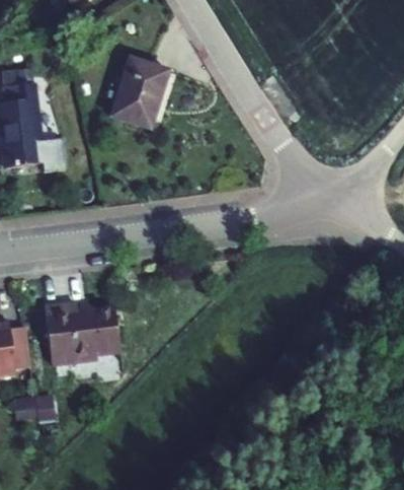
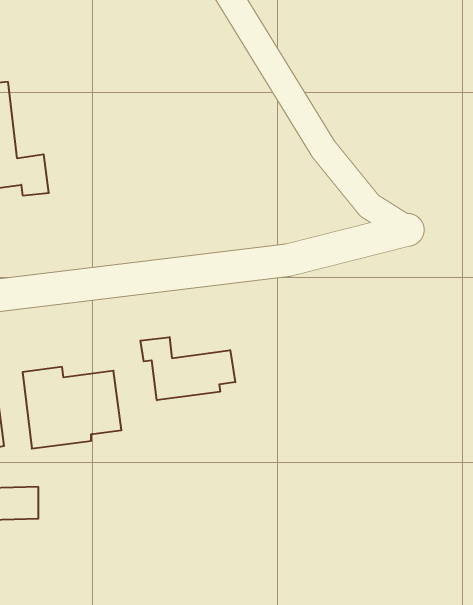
building: [111,58,168,129] -> none
building: none -> [140,337,235,400]

